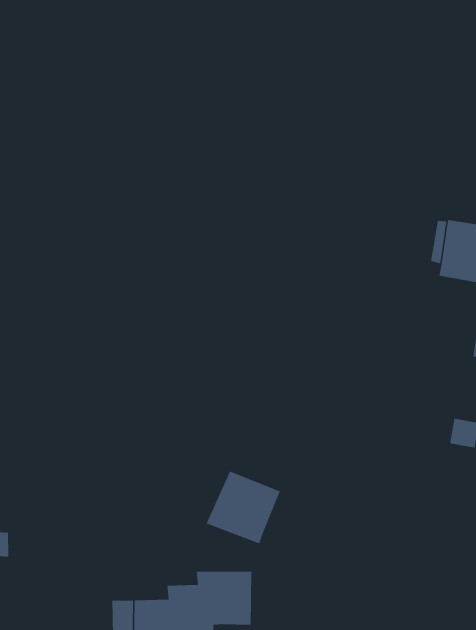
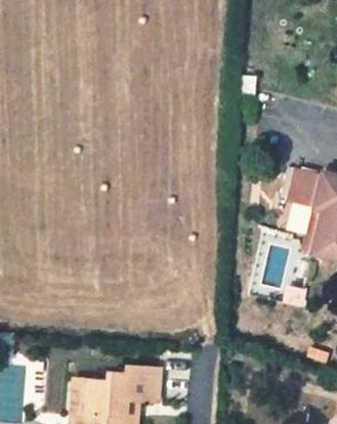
building: [205,470,281,544] -> none

